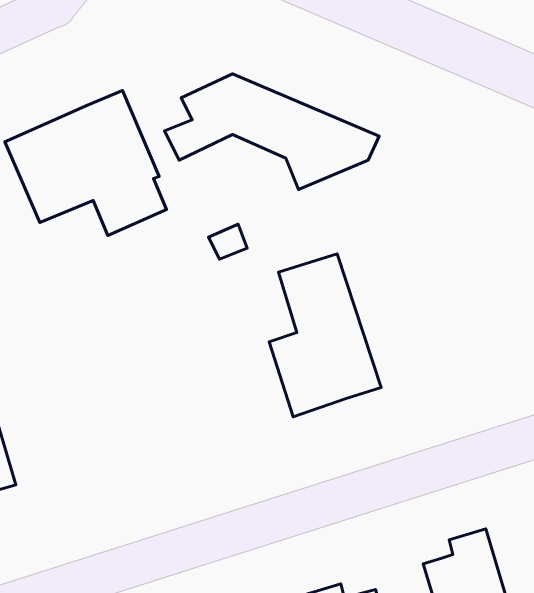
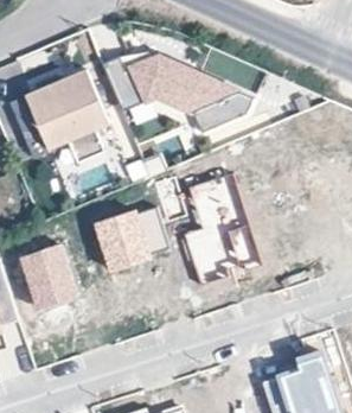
building: none -> [91,208,164,272]
building: none -> [17,241,76,309]

